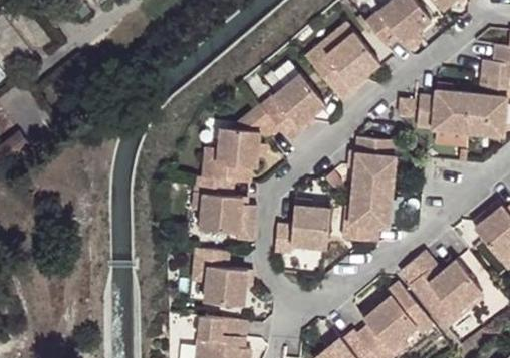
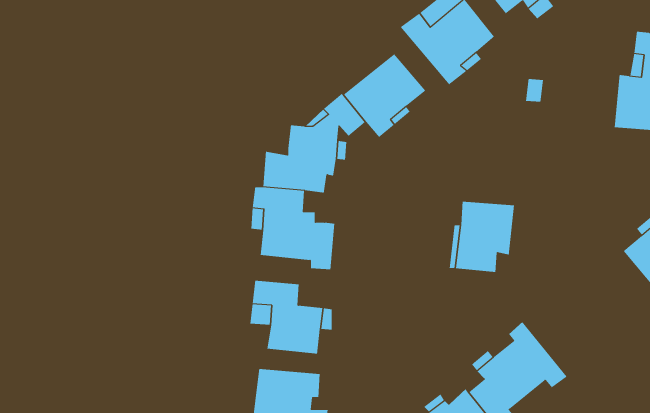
building: [417,89,472,132] -> none
building: [352,136,396,192] -> none
building: [274,204,330,252] -> none
building: [403,249,483,320] -> none

